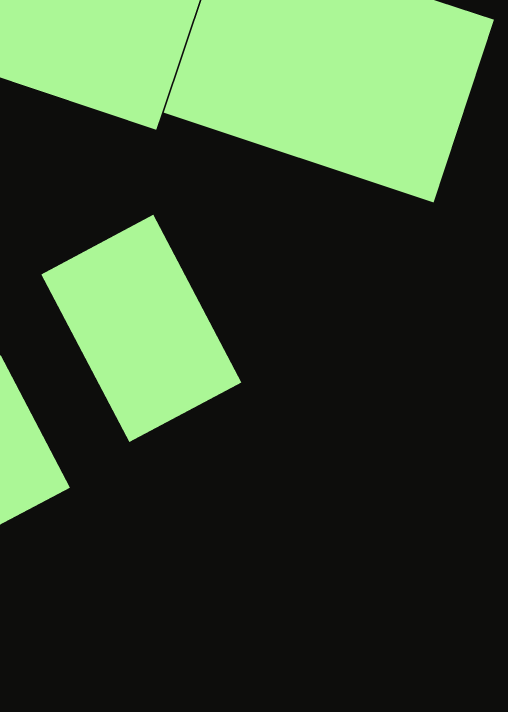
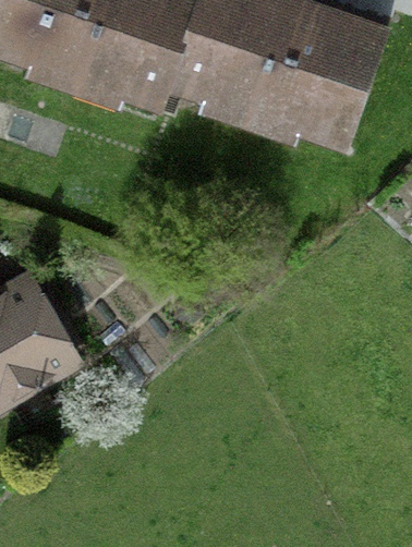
building: [40,214,242,443] -> none

